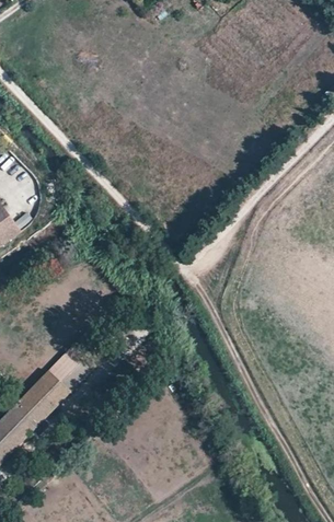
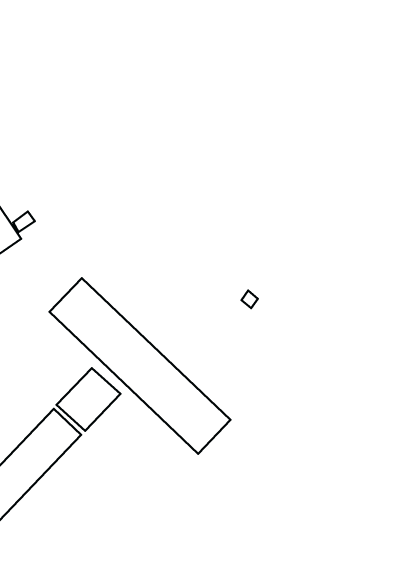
building: none -> [50,278,230,454]

